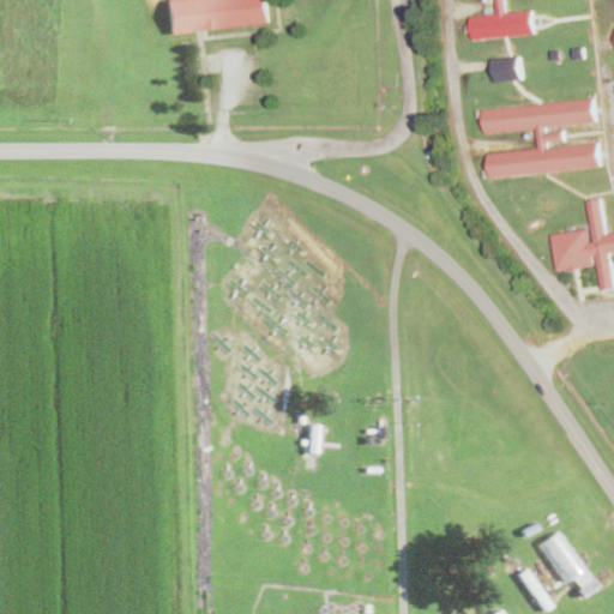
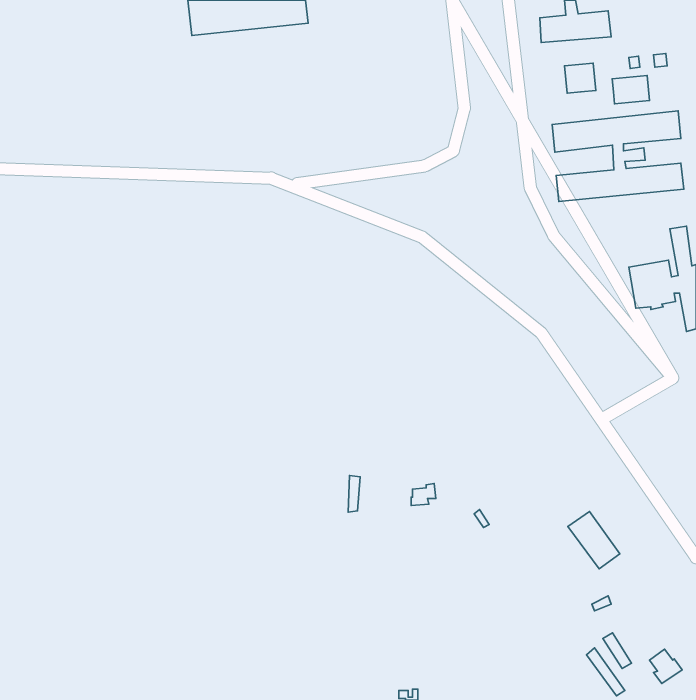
building: none -> [612,76,650,104]
building: [535,530,580,580] -> [568,511,620,569]

